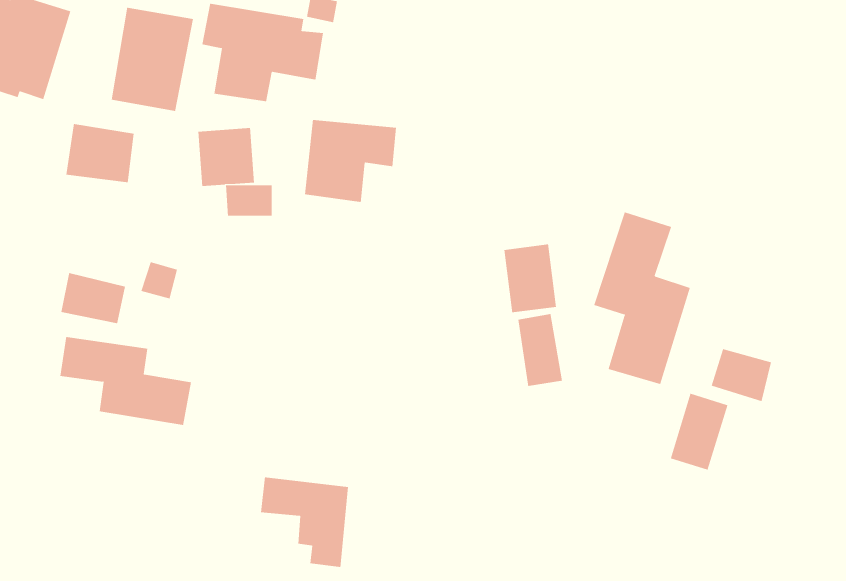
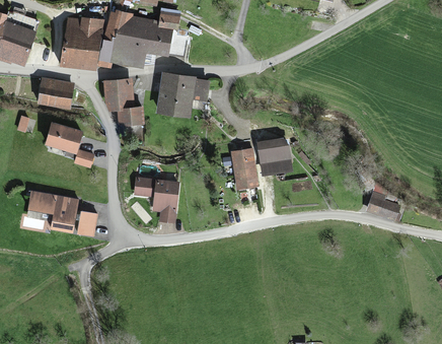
building: [593,211,690,385] -> none
building: [61,273,126,324] -> [46,125,79,151]
building: [518,314,563,387] -> [232,150,255,188]
building: [670,393,728,471] -> none
building: [260,477,349,568] -> [134,176,179,222]

